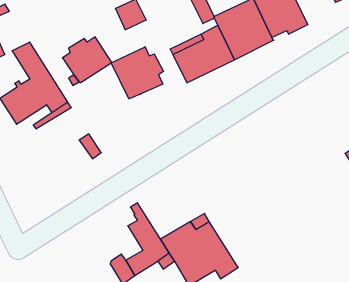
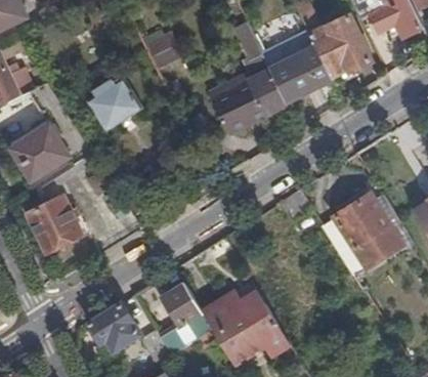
building: [111,47,163,99] -> none
building: none -> [323,194,412,277]
building: none -> [27,198,81,254]
building: none -> [86,303,139,351]

